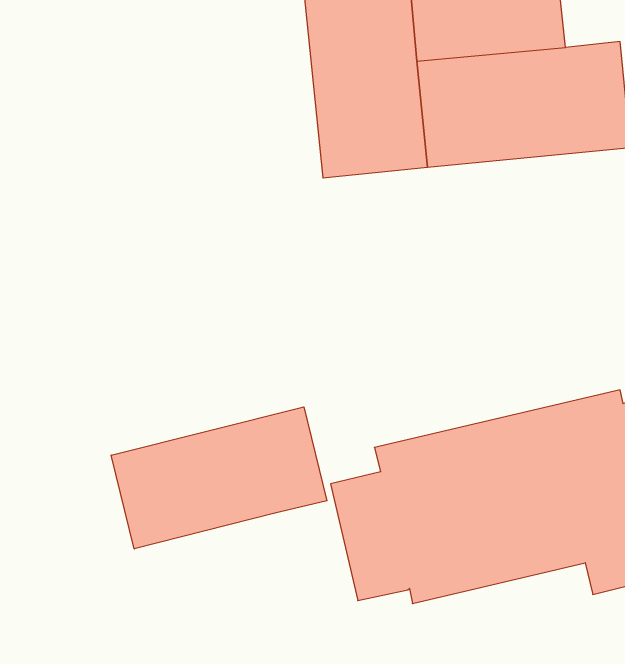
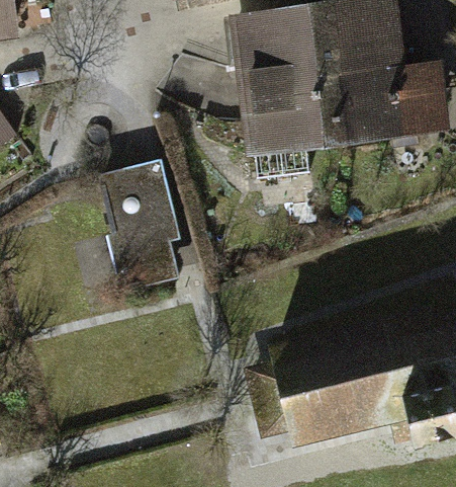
building: none -> [107,151,188,270]
building: [111,407,327,549] -> none

